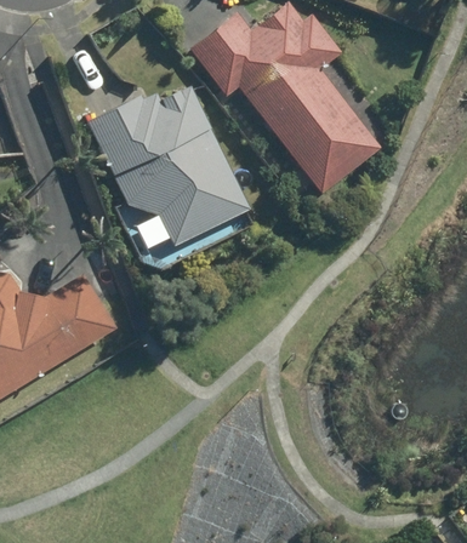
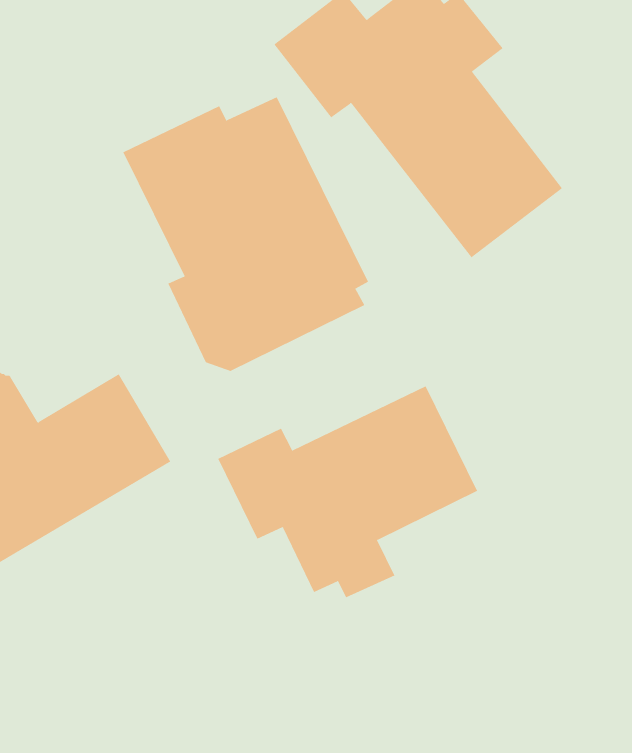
building: none -> [218,385,478,598]

